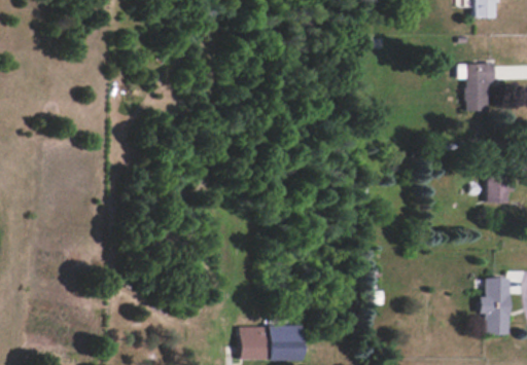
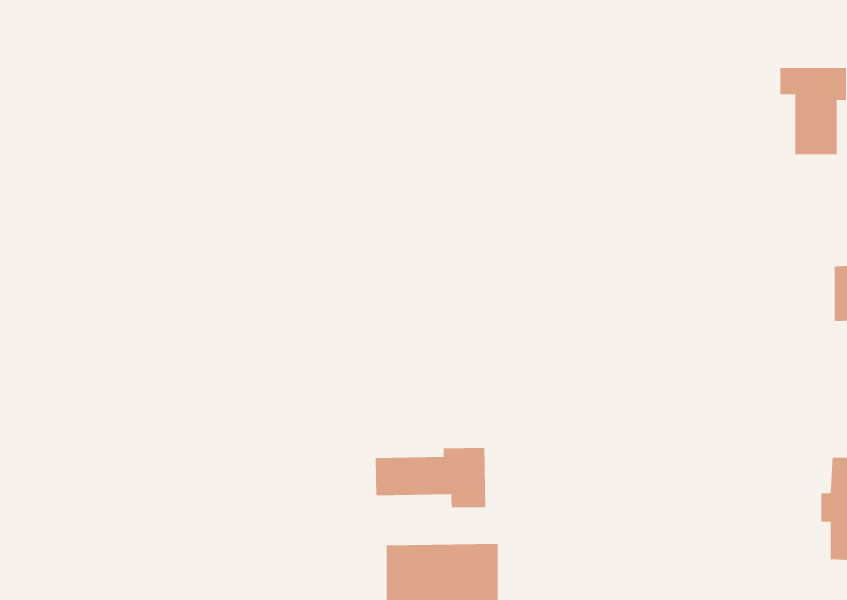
building: none -> [375,447,486,508]

